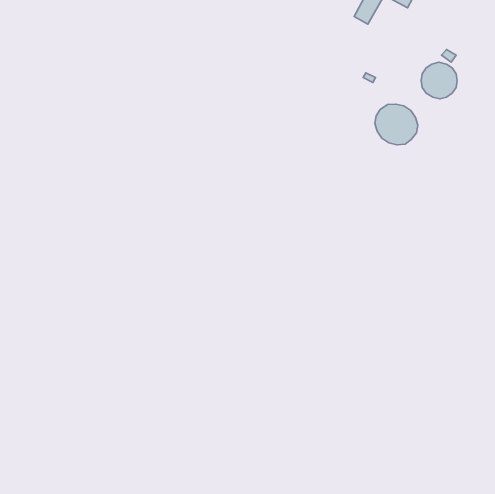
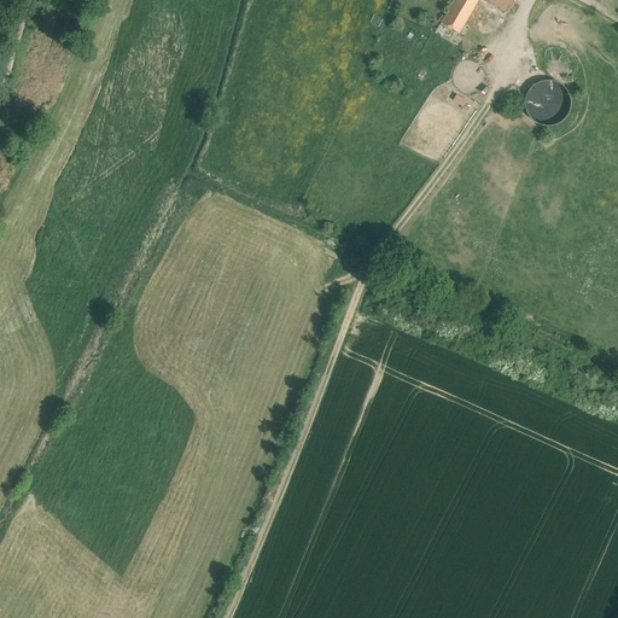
building: [375,104,418,145] -> none

